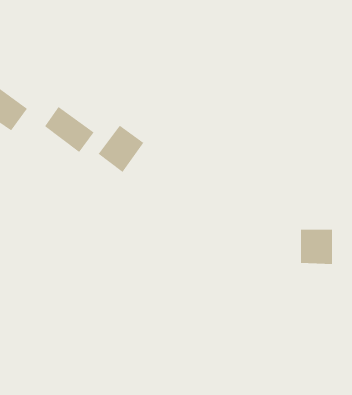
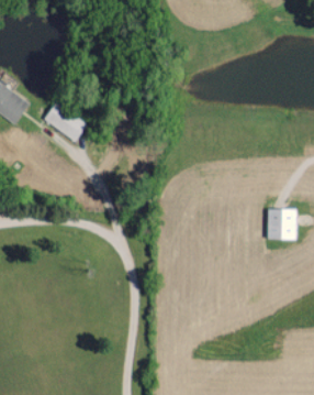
building: [98,125,144,173] -> none

